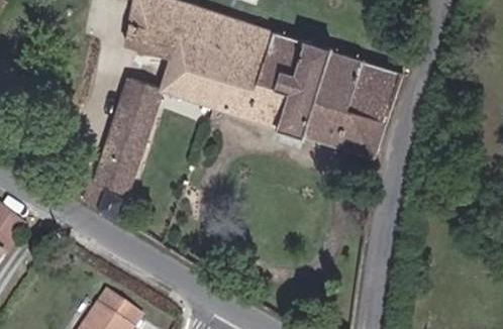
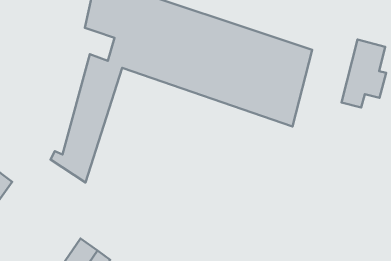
building: none -> [341,40,386,107]

